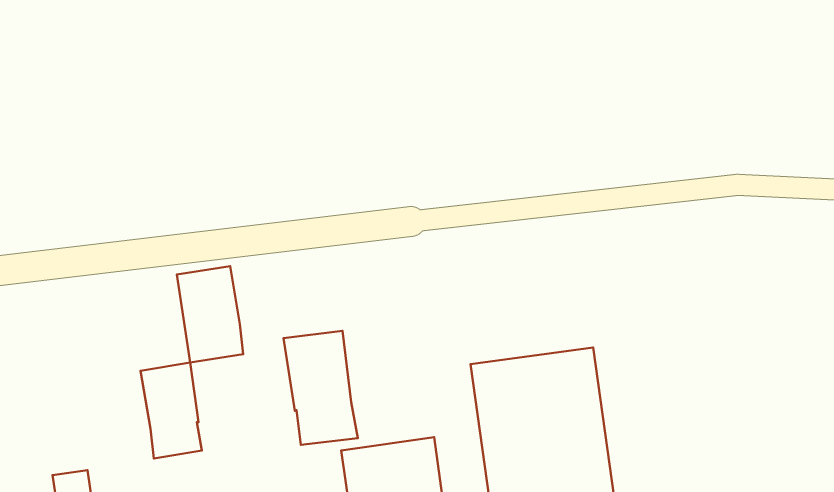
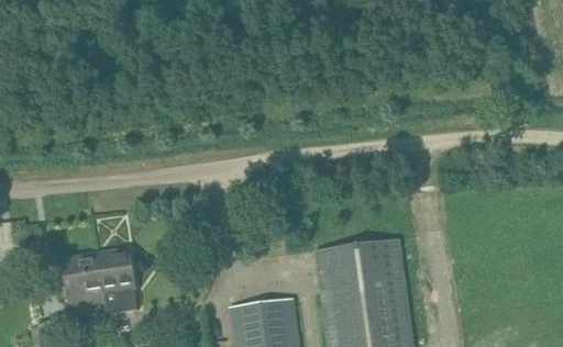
building: [177,266,243,362] -> [62,253,106,316]
building: [284,331,358,445] -> none

